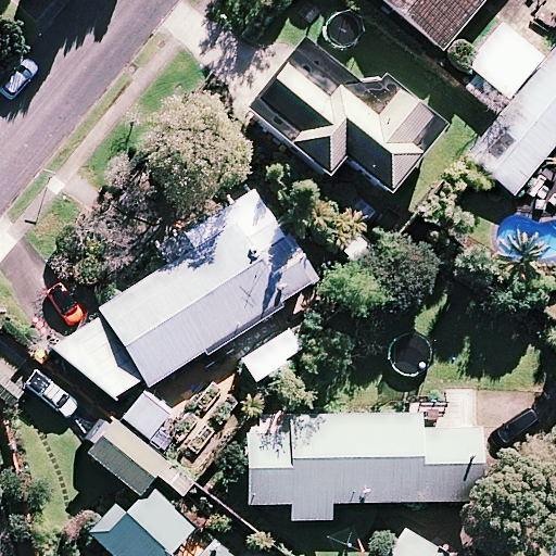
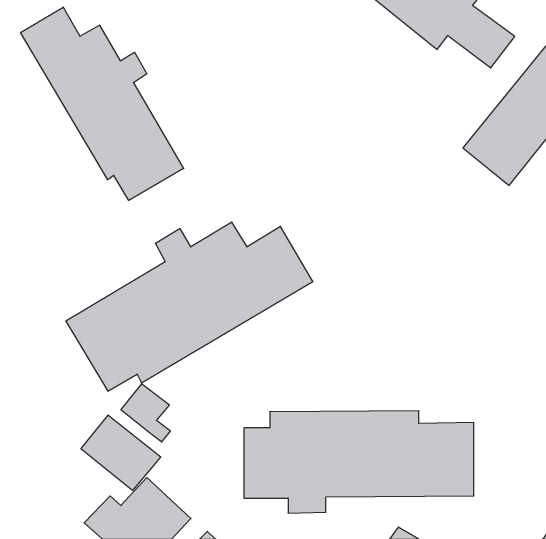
building: none -> [21,7,184,200]
building: [248,48,443,200] -> none

